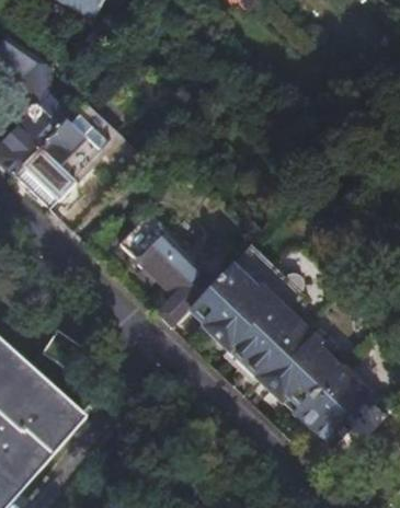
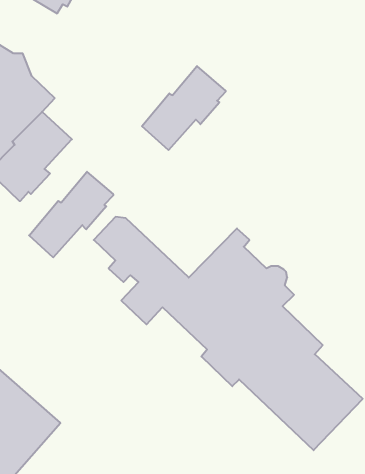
building: none -> [142,66,226,150]
building: none -> [29,172,113,257]

